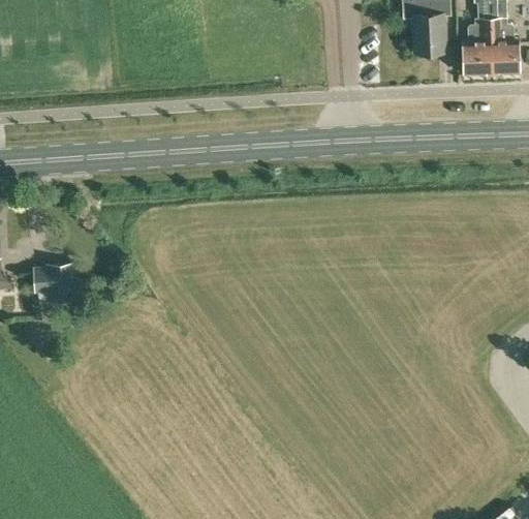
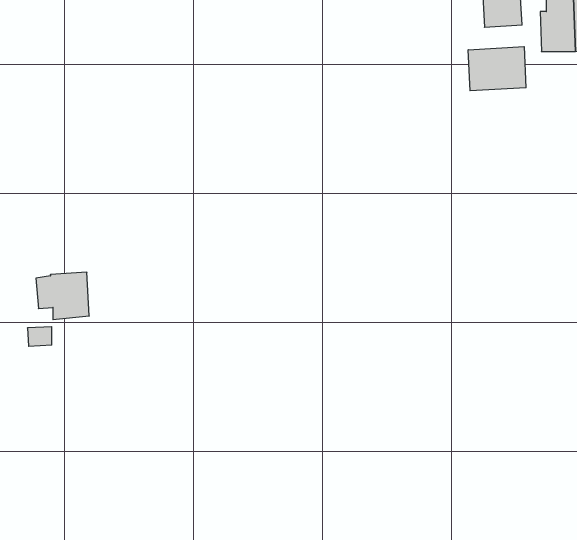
building: none -> [468,47,526,91]

